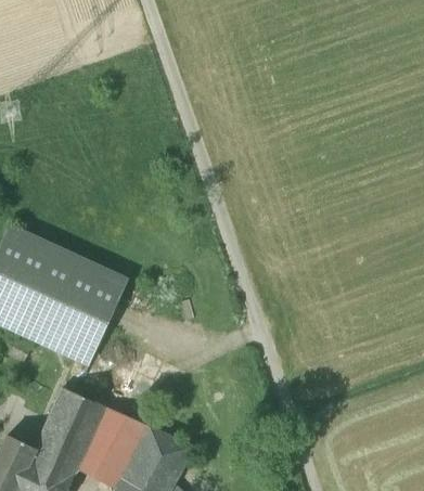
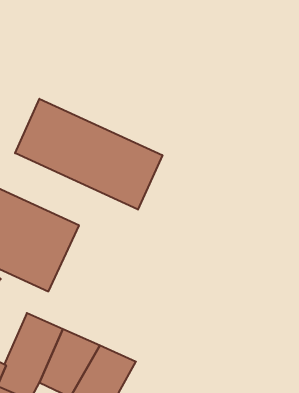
building: none -> [15,99,162,210]

